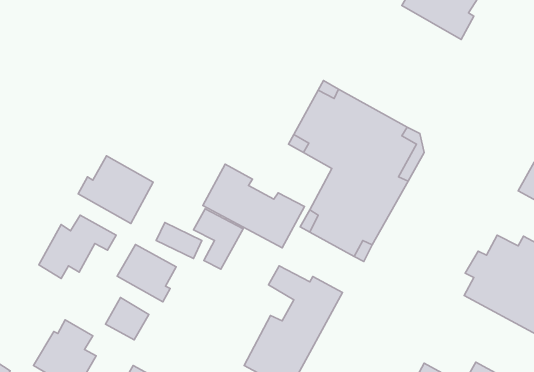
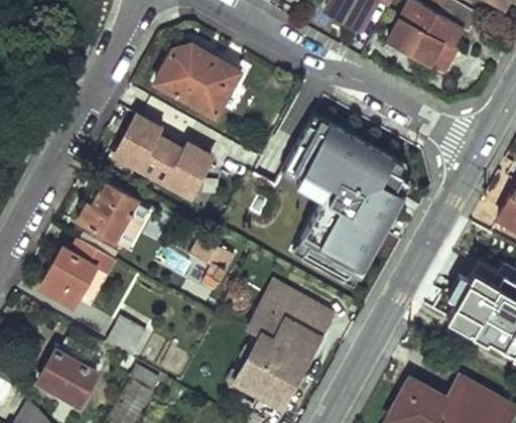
building: none -> [154,45,237,115]
building: [203,164,305,248] -> [115,117,212,196]
building: [117,244,176,302] -> none

